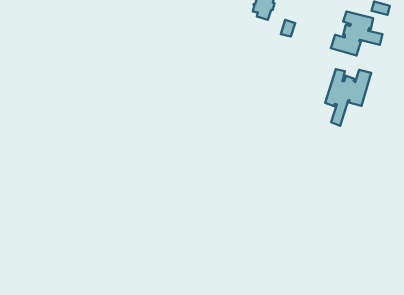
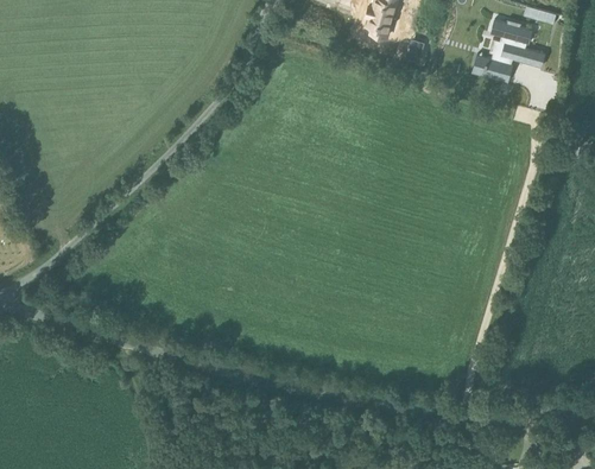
building: [325,69,371,126] -> none

